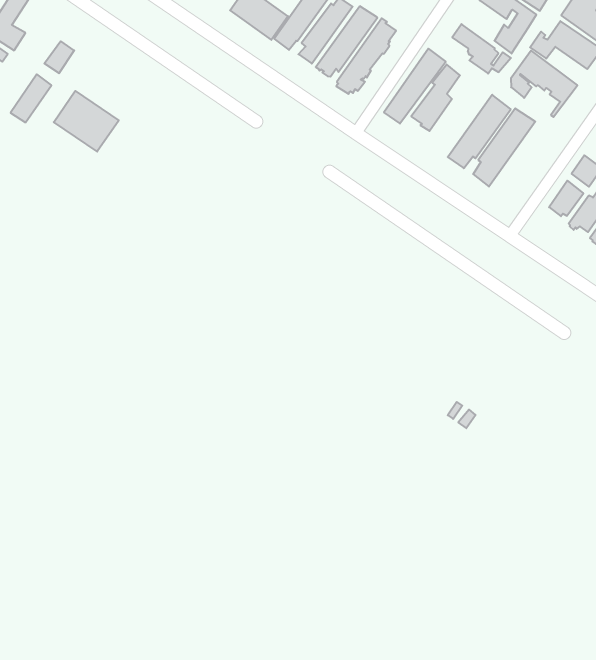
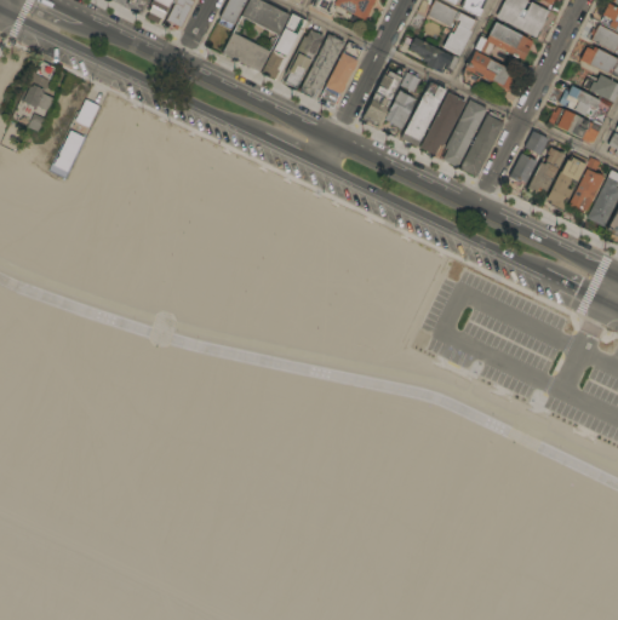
building: none -> [401,81,447,147]
building: [54,91,119,152] -> none
building: none -> [460,111,505,177]

